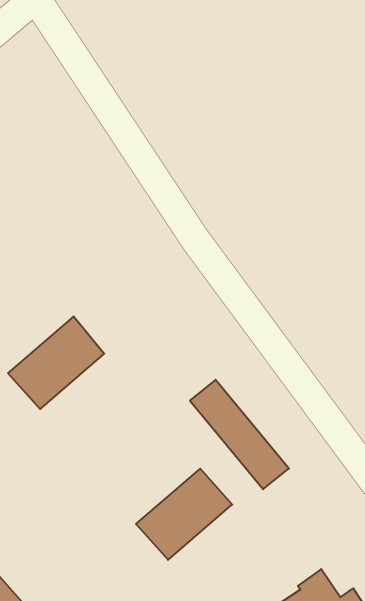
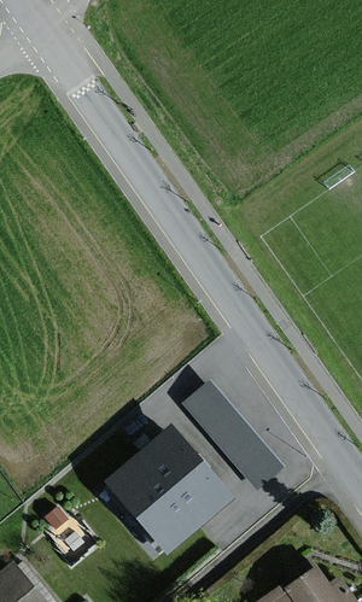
building: [8,316,104,409] -> [107,432,198,519]

